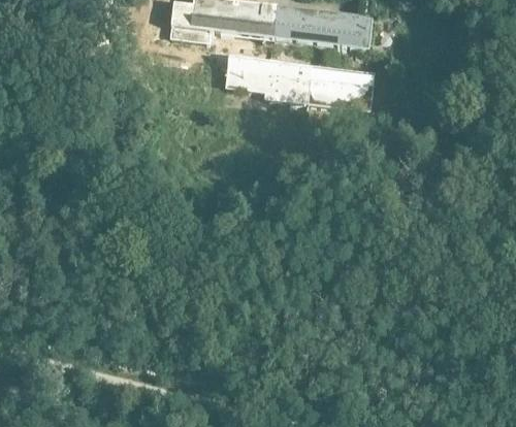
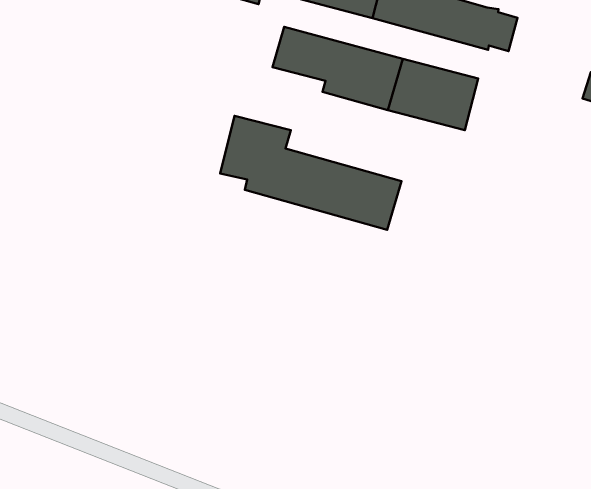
building: none -> [220,116,401,230]

